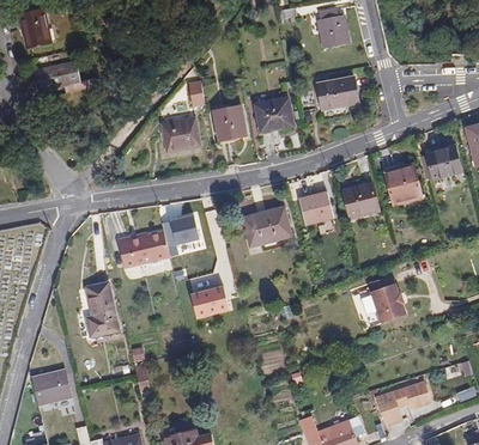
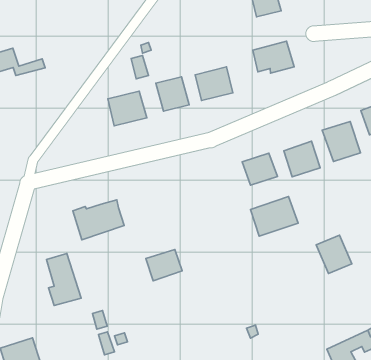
building: [242,206,291,245] -> [250,197,298,236]
building: [169,214,196,243] -> none

